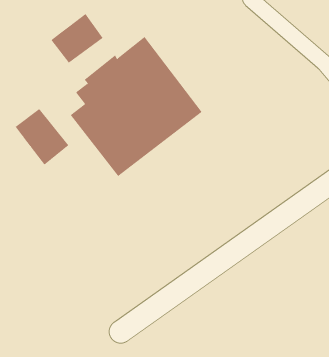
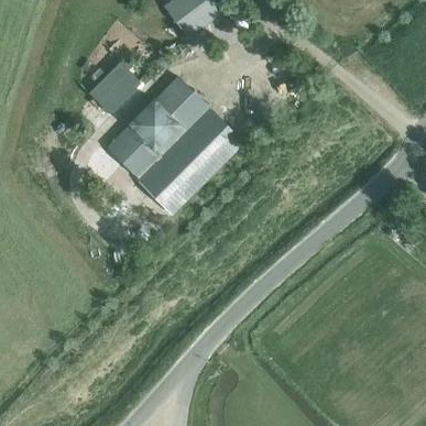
building: [15,108,69,165] -> none

